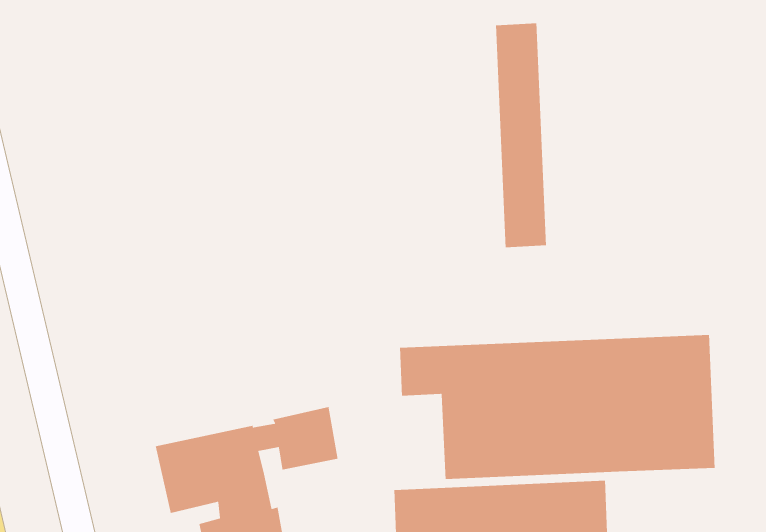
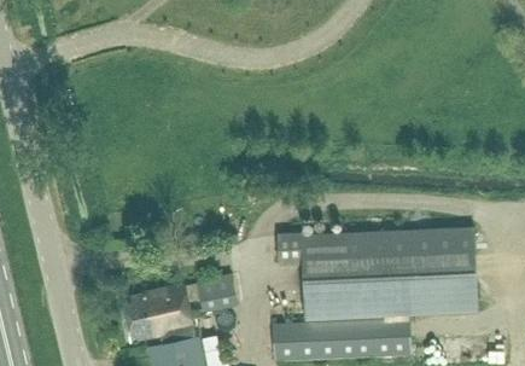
building: [495,23,547,248] -> none

